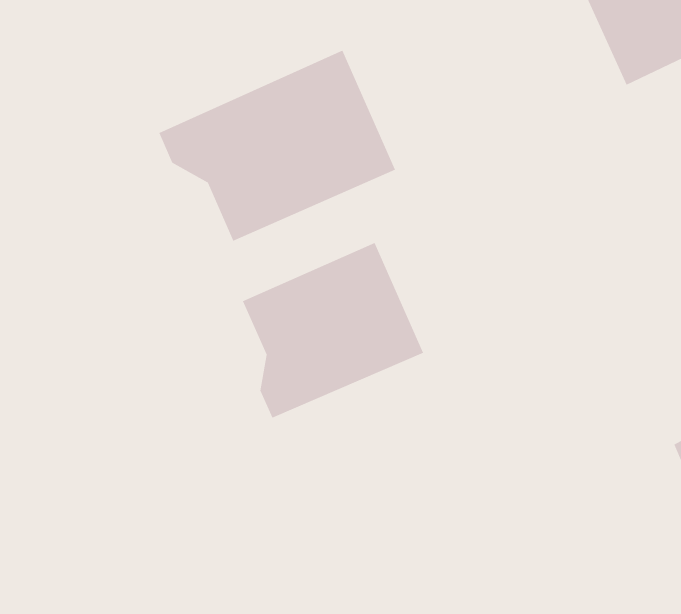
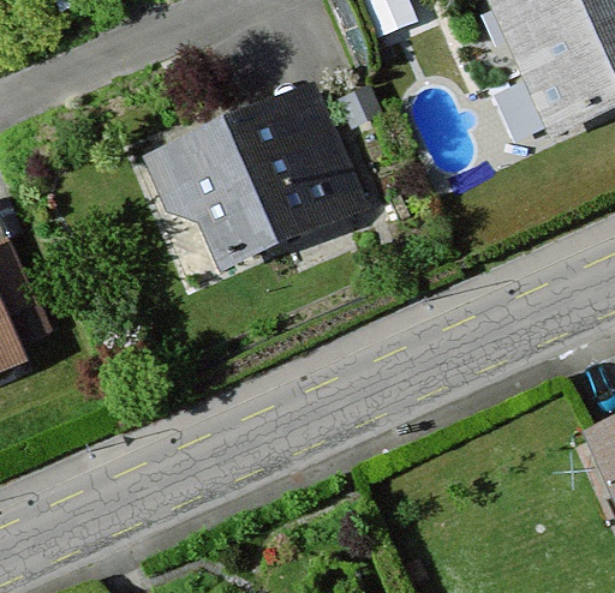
building: [242,242,424,418] -> none

